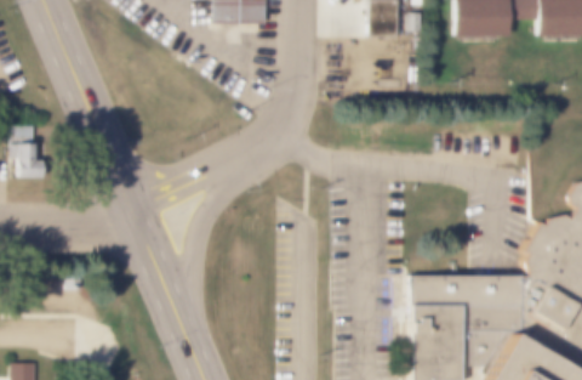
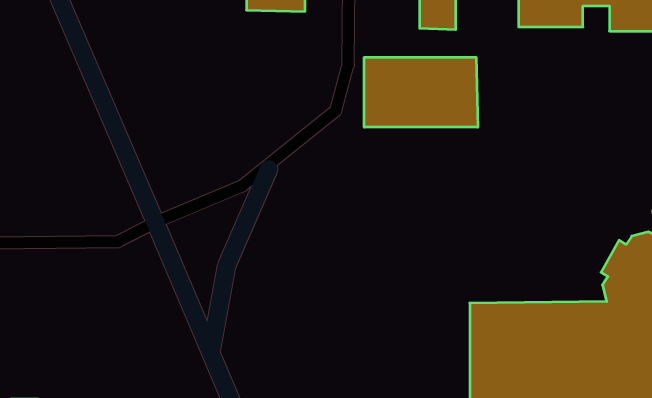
building: none -> [364,57,478,127]
building: [12,125,41,176] -> none

